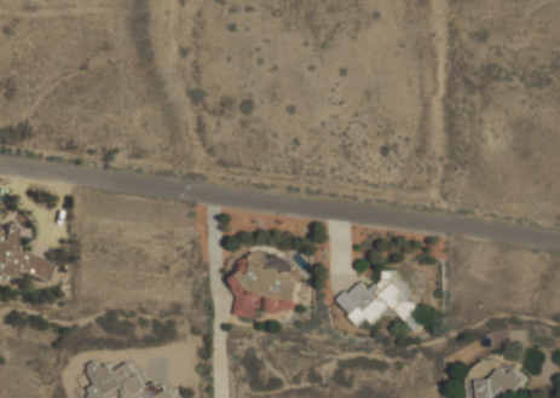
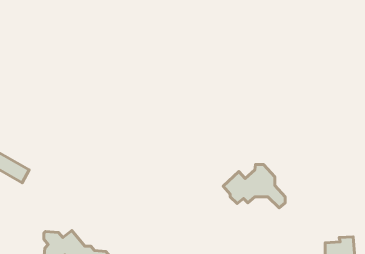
building: [229,250,296,317] -> none

